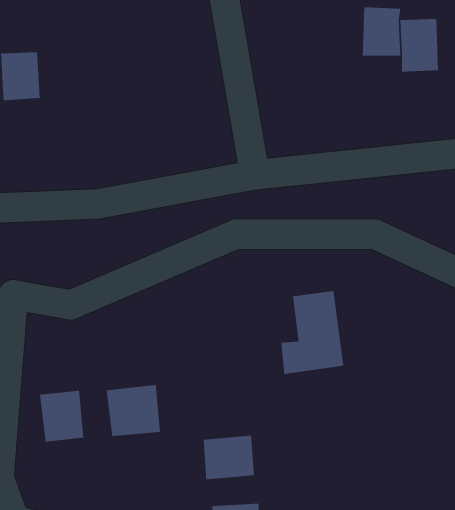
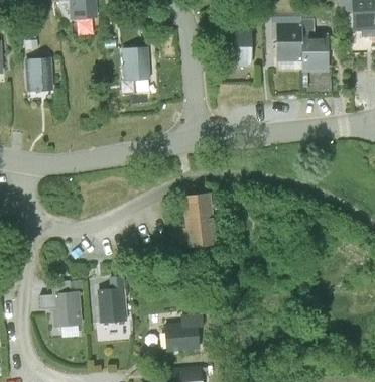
building: none -> [225,29,252,65]
building: none -> [121,44,149,79]
building: [281,291,344,374] -> [172,193,217,251]

